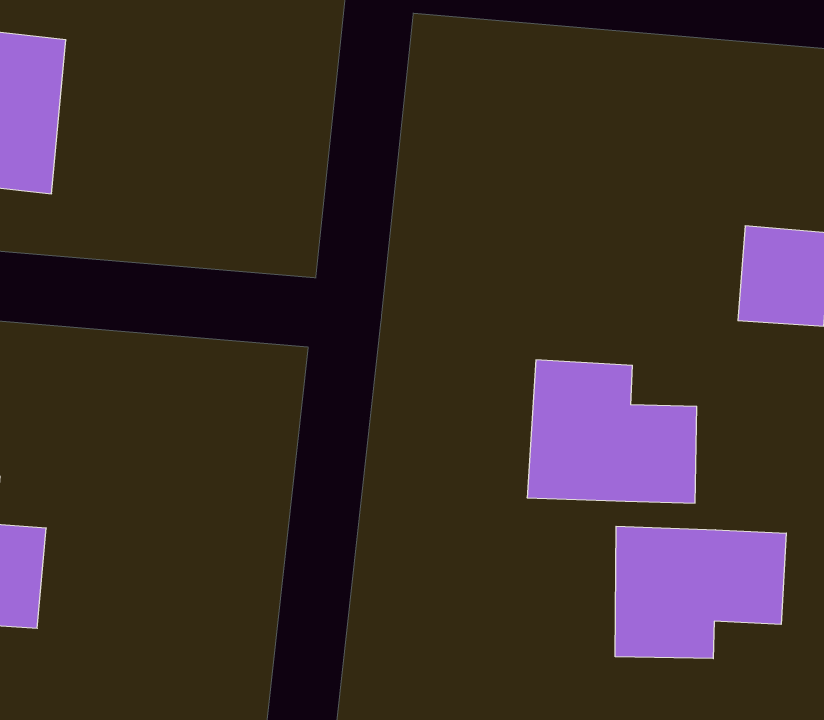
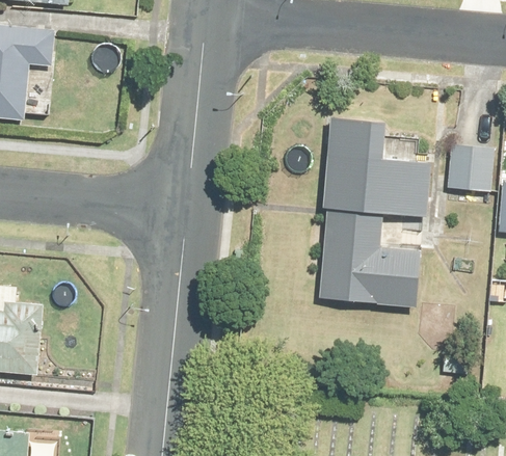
building: none -> [305,122,421,227]
building: [615,526,786,659] -> none

